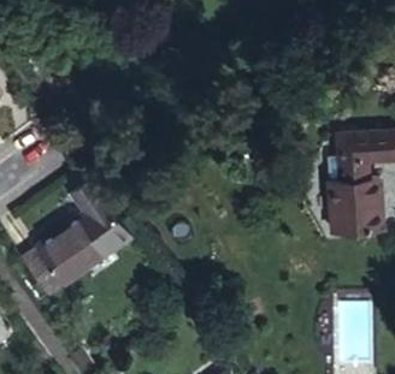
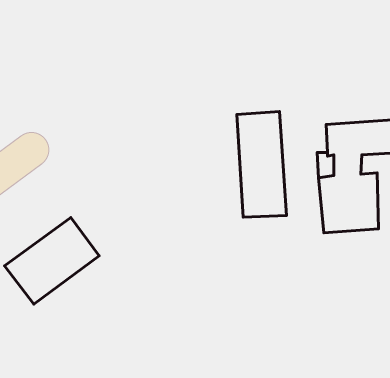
building: none -> [237,111,287,217]

